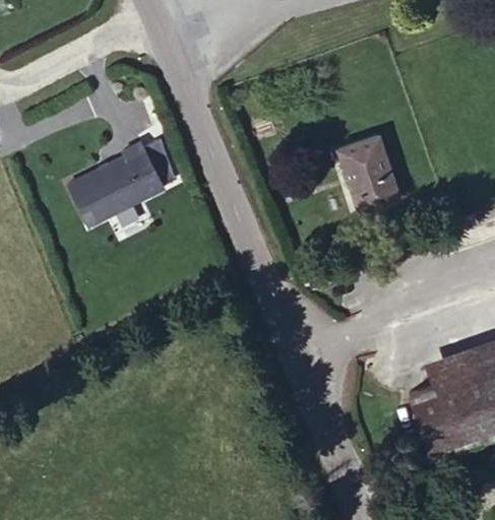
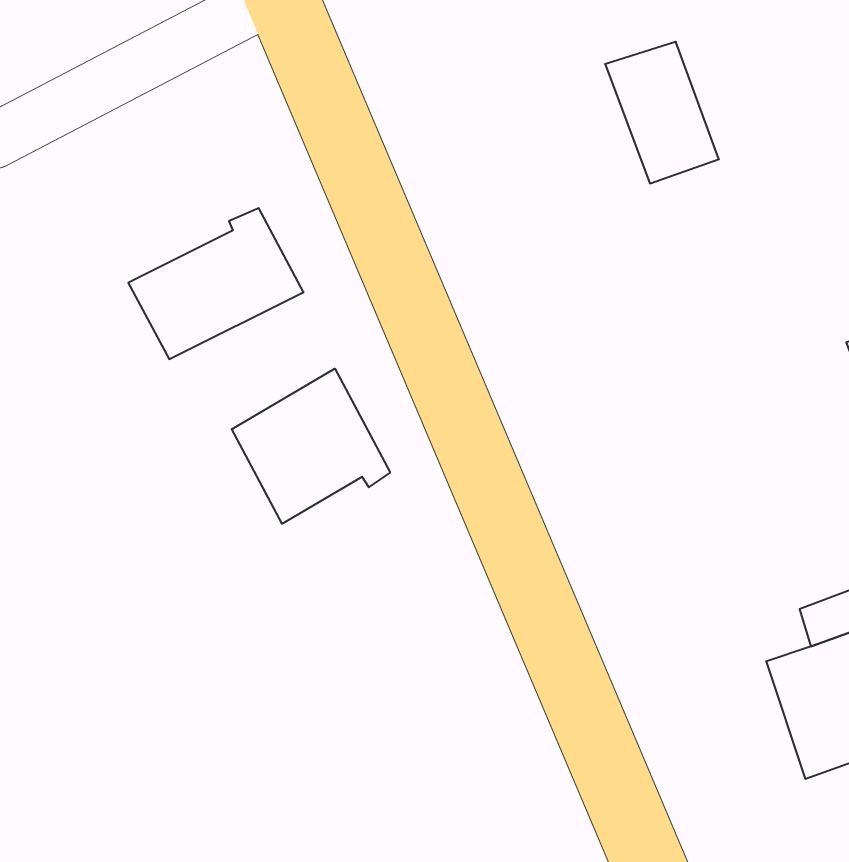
building: [337,135,399,212] -> [605,42,719,183]
building: none -> [232,369,390,524]

